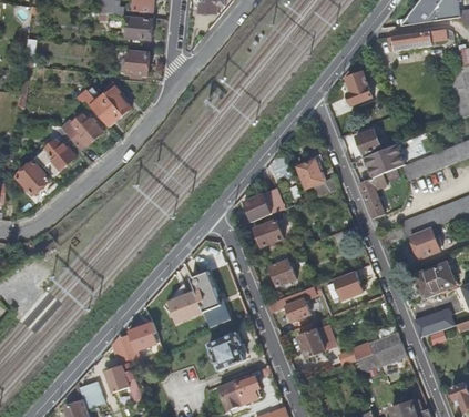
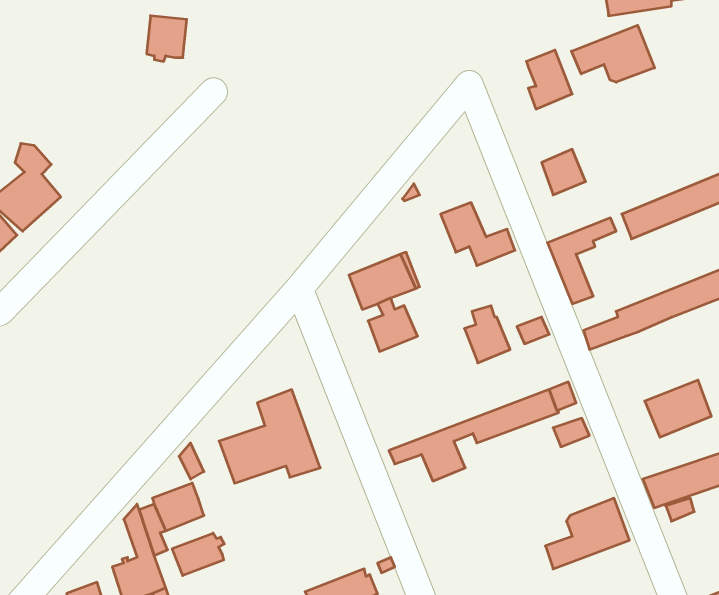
building: none -> [571,25,655,82]
building: [79,82,131,126] -> none
building: [61,114,103,151] -> none
building: [364,146,397,175] -> none
building: [410,226,439,258] -> none
building: [269,253,296,286] -> [464,306,510,363]
building: [297,325,325,357] -> none
building: [207,332,244,370] -> none
building: none -> [172,533,224,576]

